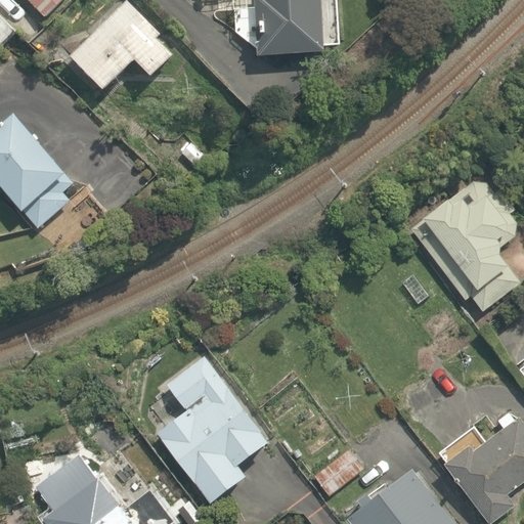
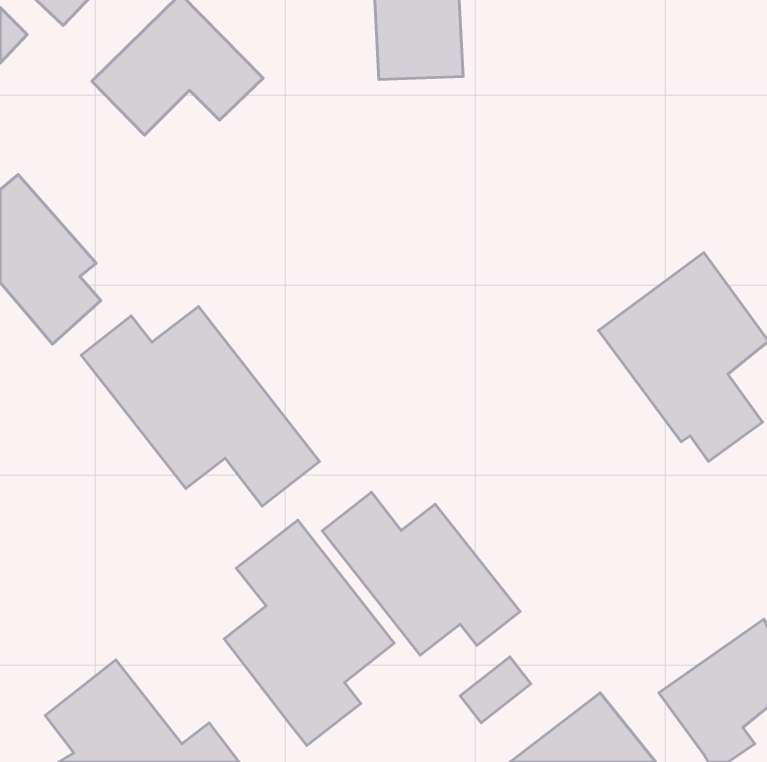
building: none -> [81,306,319,506]
building: none -> [322,492,520,655]

